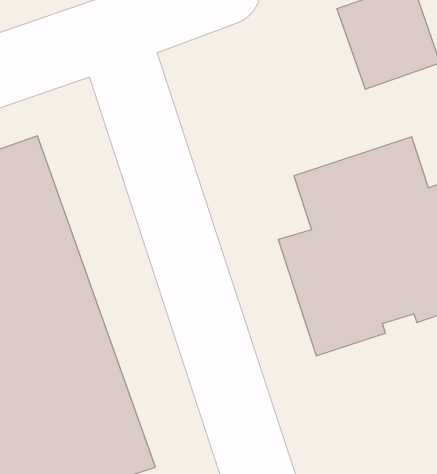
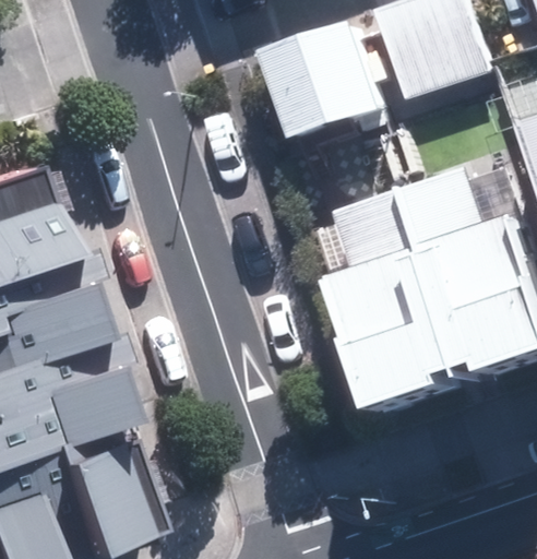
building: none -> [266,32,385,151]

